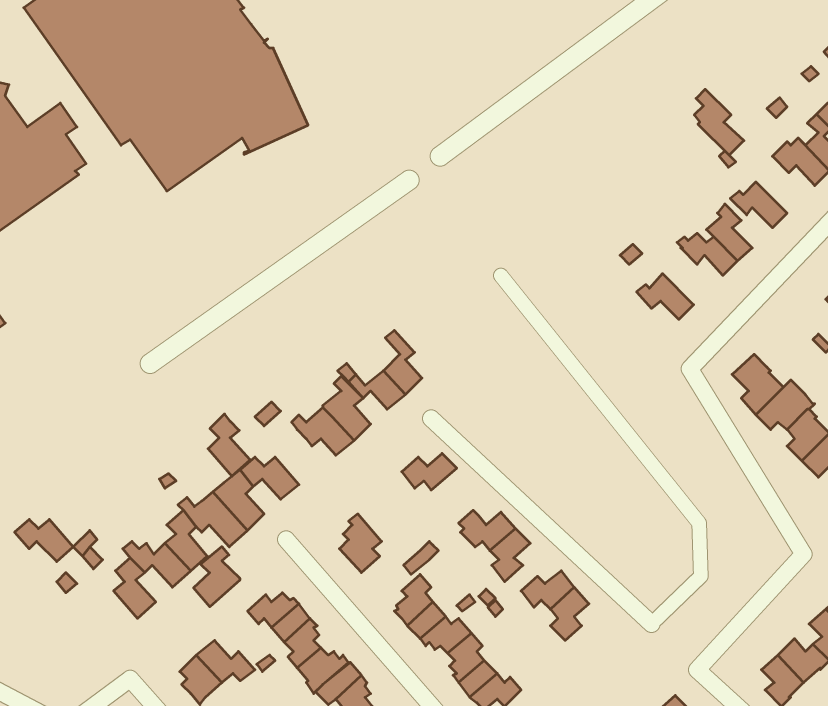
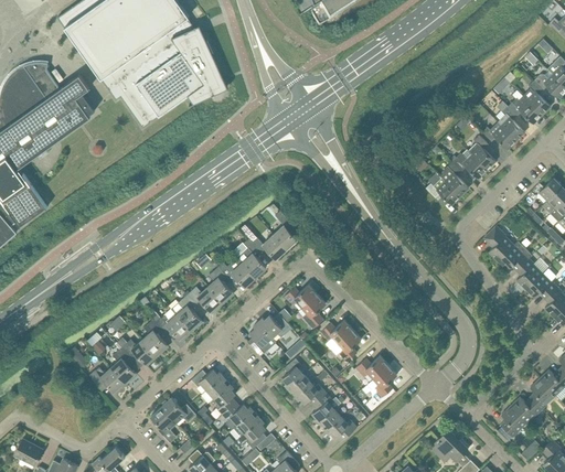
building: [694,89,744,155] -> [495,100,525,140]
building: none -> [440,161,469,195]
building: [208,414,250,476] -> [209,266,234,303]
building: none -> [302,293,326,329]
building: none -> [258,313,292,337]
building: [15,519,73,562] -> [90,367,126,393]
building: [194,547,240,607] -> none

